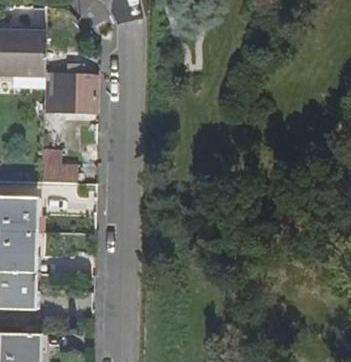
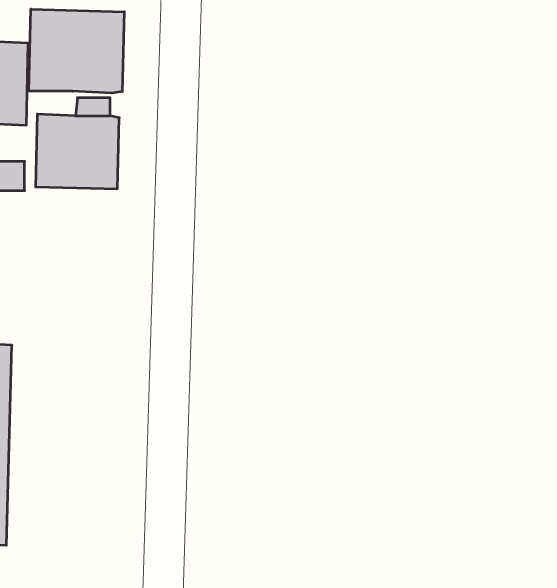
building: none -> [29,9,124,93]
building: [42,150,77,182] -> none

